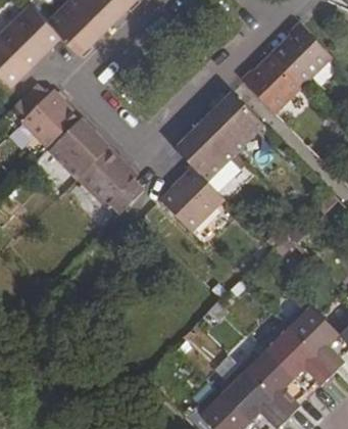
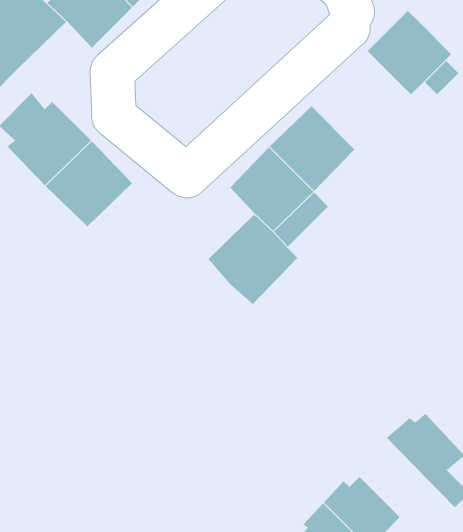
building: [244,54,303,113] -> none
building: [78,146,144,212] -> none
building: [267,324,334,385] -> none

